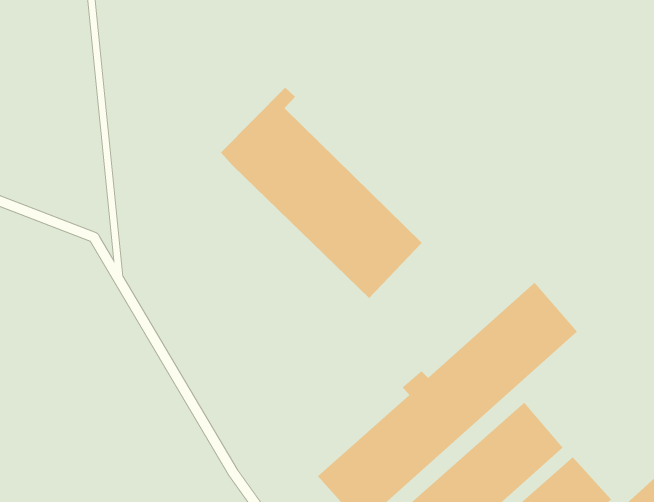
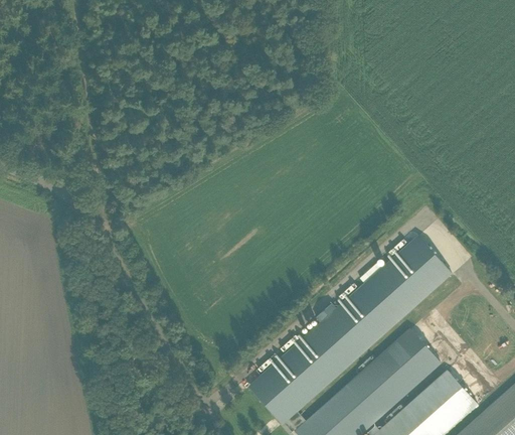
building: [220,87,423,299] -> none

